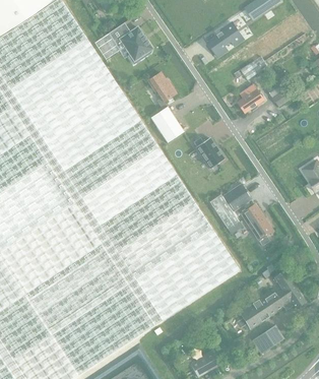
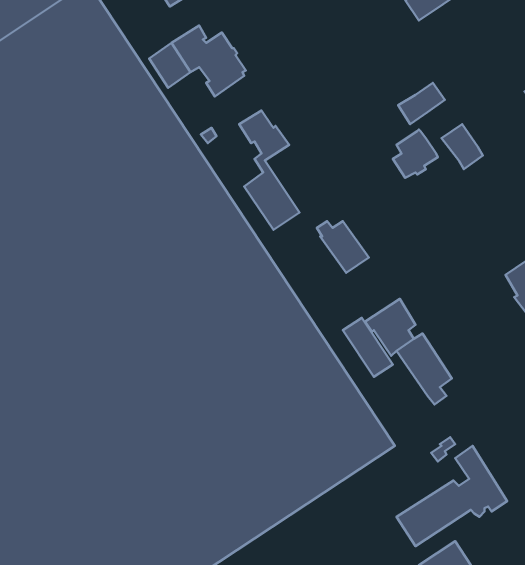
building: [208,23,244,57] -> none

